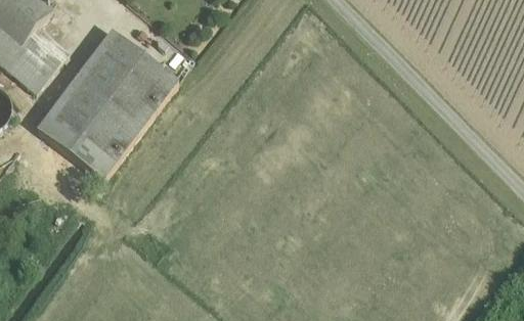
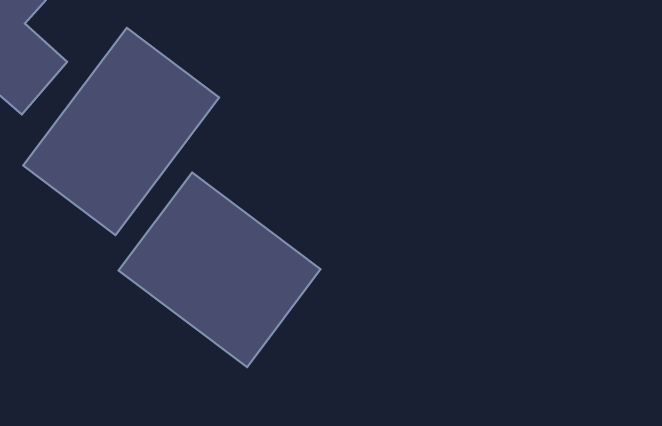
building: none -> [119,173,321,367]

